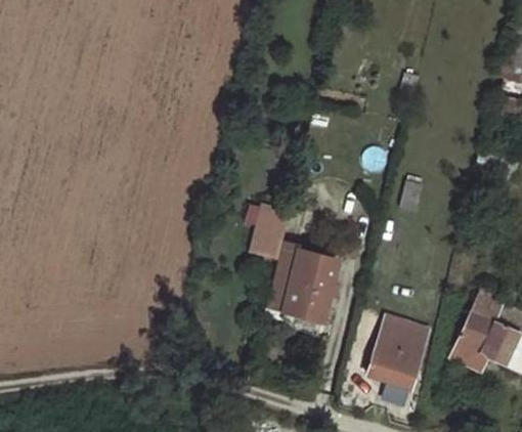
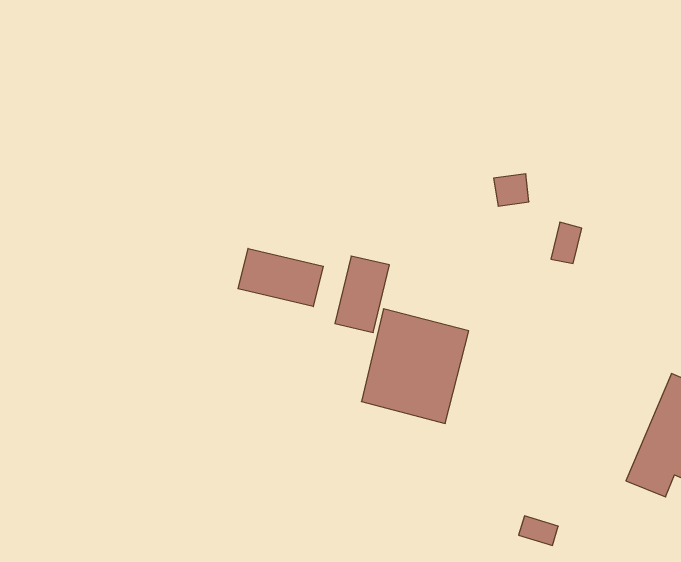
building: none -> [238,248,323,307]
building: [364,316,431,390] -> none

